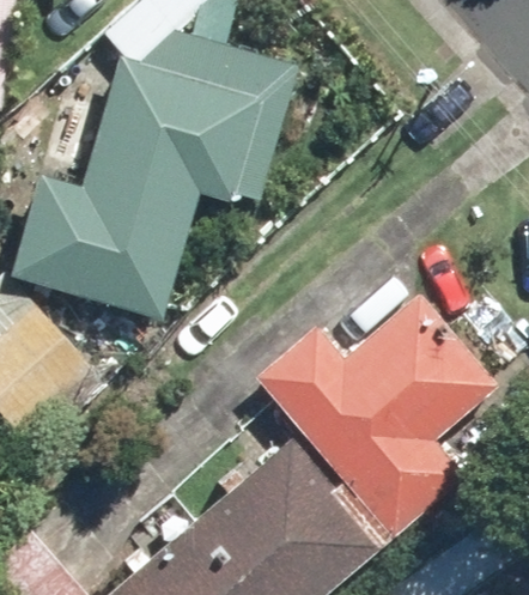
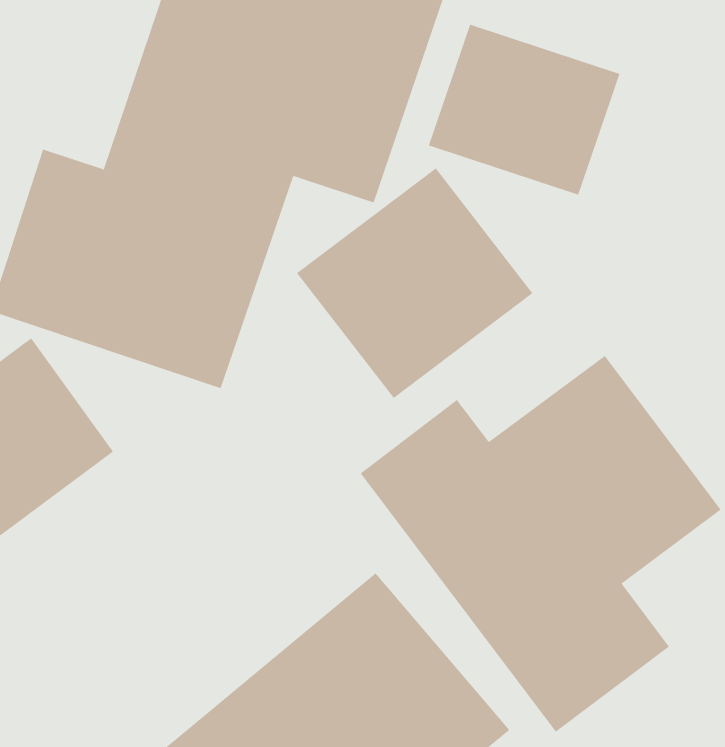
building: none -> [428,24,620,195]
building: none -> [296,168,533,399]

